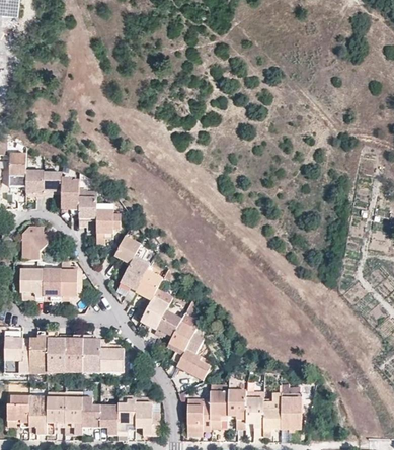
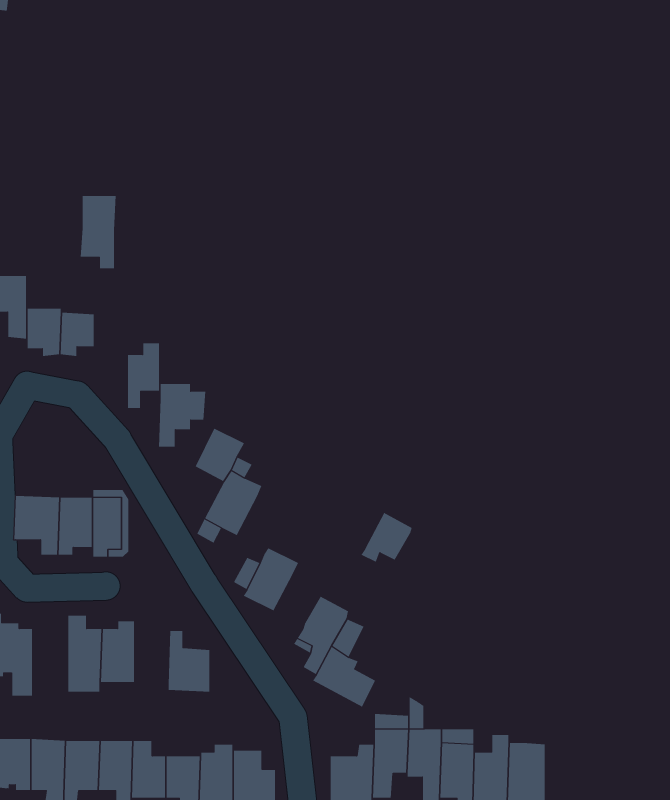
building: [60,177,79,215] -> [80,195,117,269]
building: [20,227,46,261] -> none
building: [135,269,162,299] -> none
building: [153,310,180,337] -> [361,512,413,562]
building: [82,335,100,368] -> none
building: [28,337,47,366] -> none

